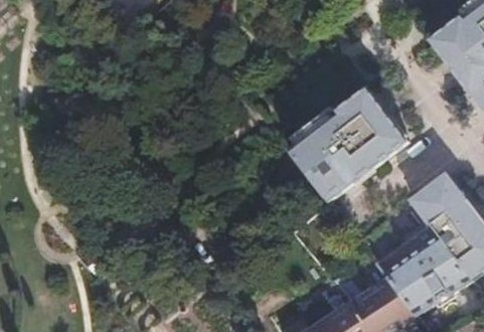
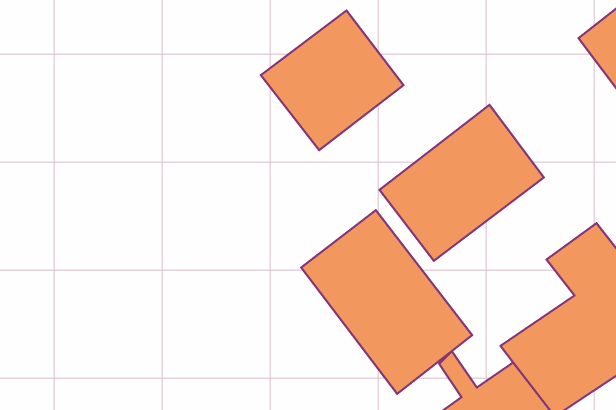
building: none -> [261,11,403,150]
building: none -> [301,210,472,394]

